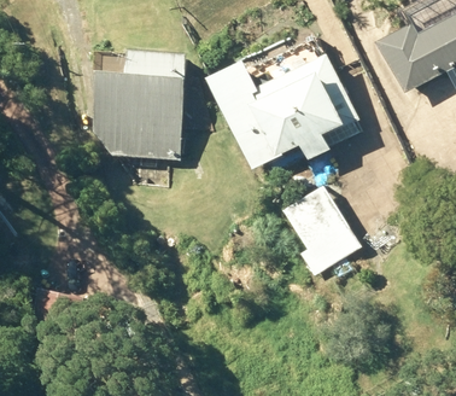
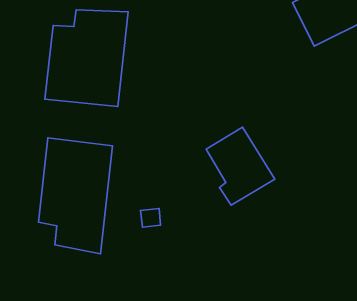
building: [209,54,357,167] -> none
building: none -> [39,138,112,254]

